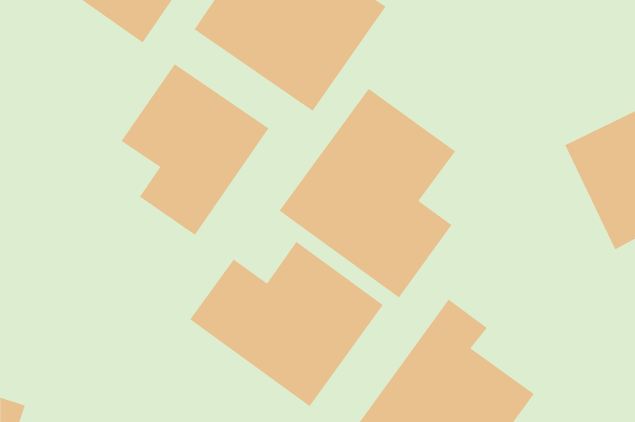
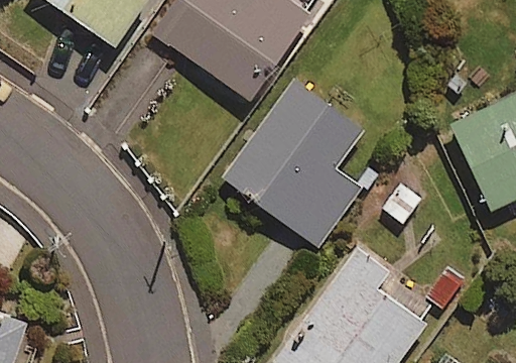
building: [121,63,269,236] -> none
building: [189,241,384,407] -> none

